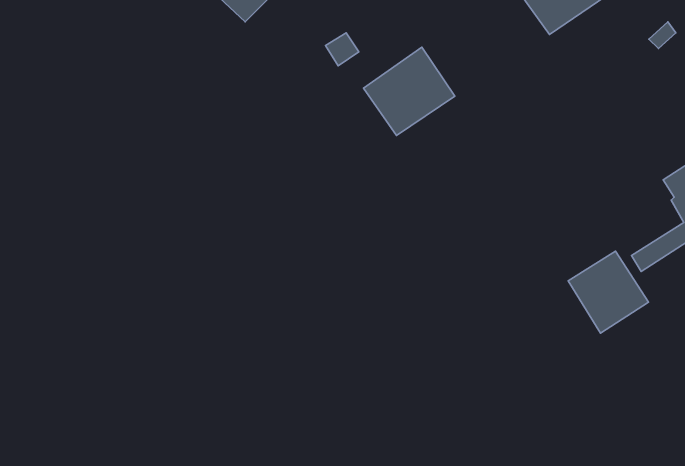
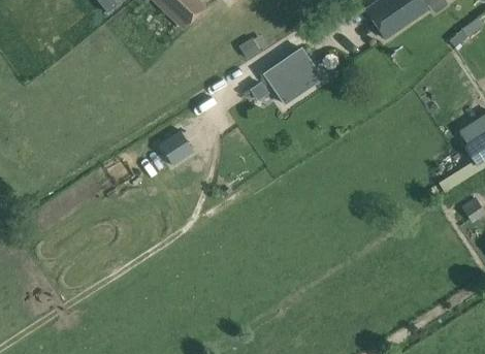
building: none -> [158,131,193,165]
building: [568,251,649,333] -> none

